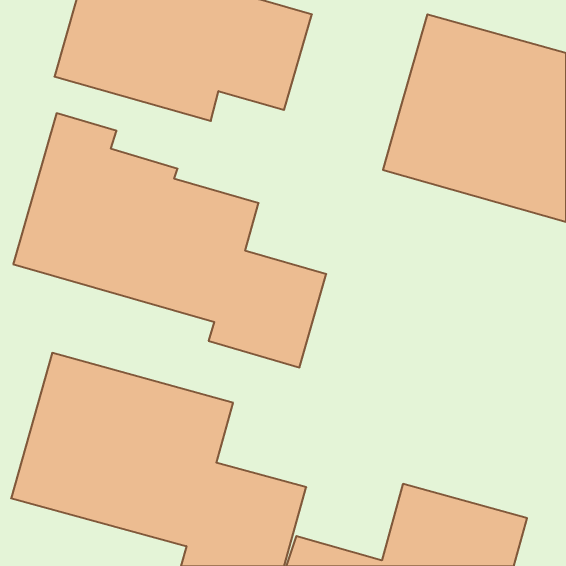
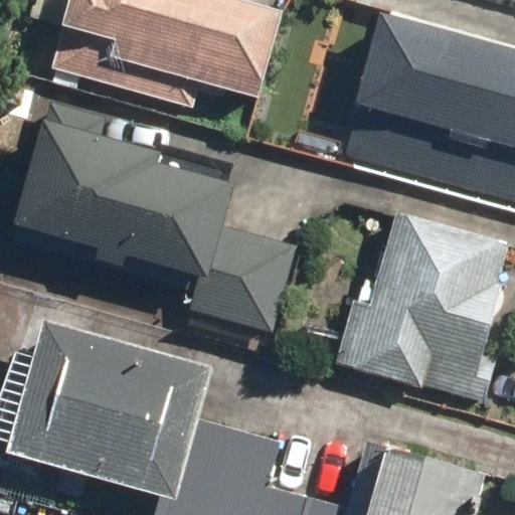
building: none -> [332,213,507,404]

